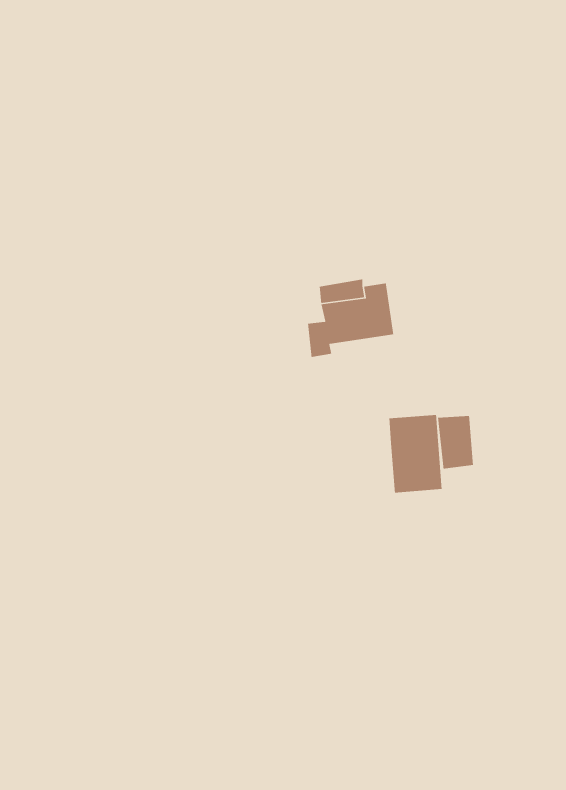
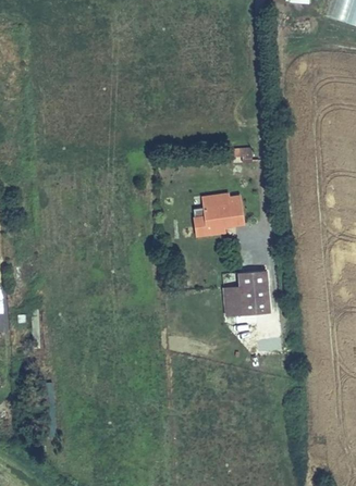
building: [437,415,474,469] -> [222,286,243,316]

